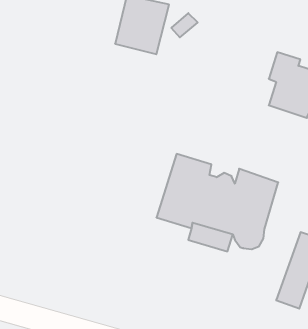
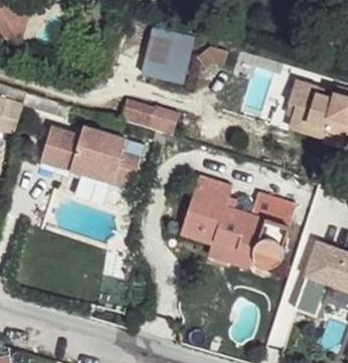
building: none -> [121,99,178,135]
building: none -> [38,124,138,185]

